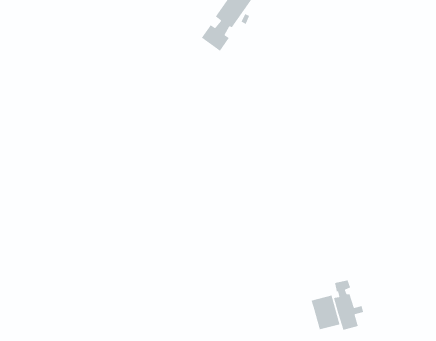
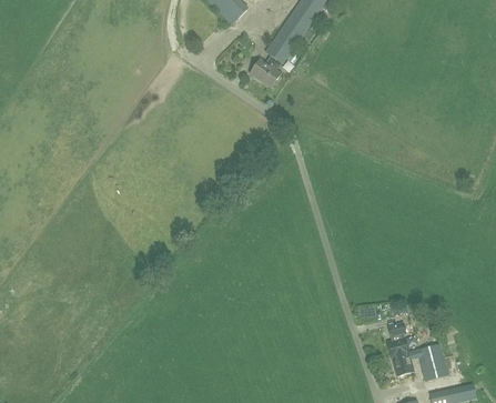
building: [311,295,341,330] -> [417,343,448,380]

